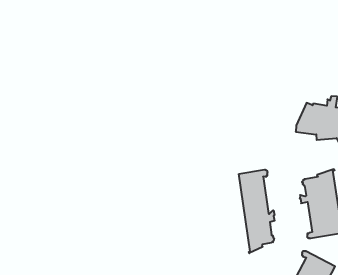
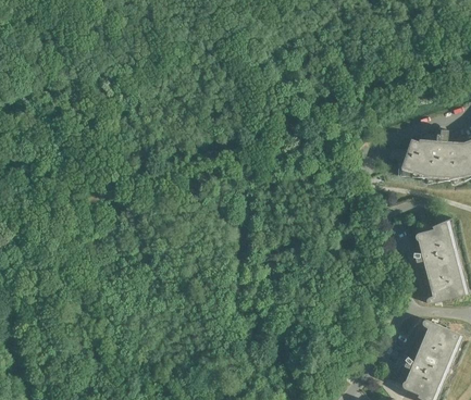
building: [239,170,275,253] -> none

